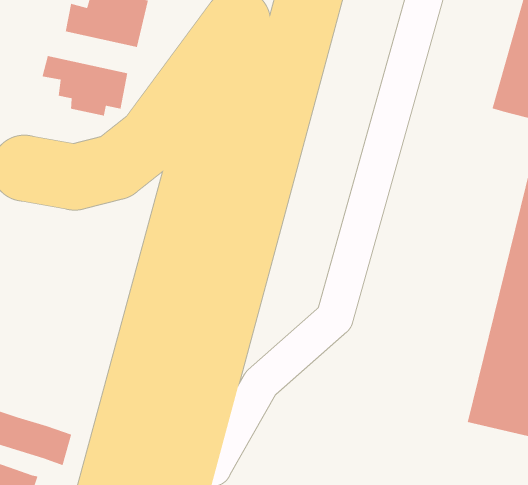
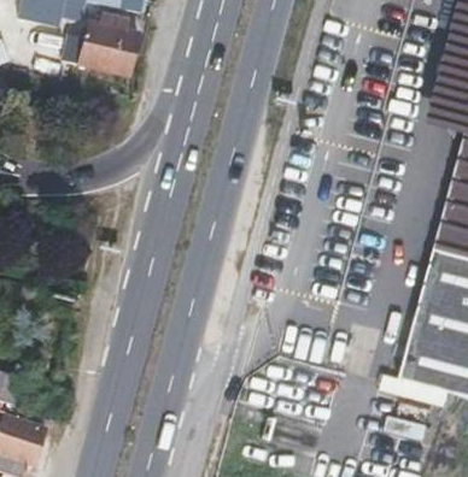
building: [42,55,128,116] -> none

